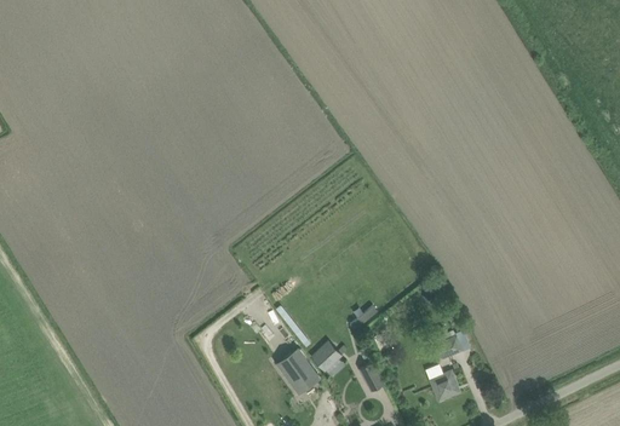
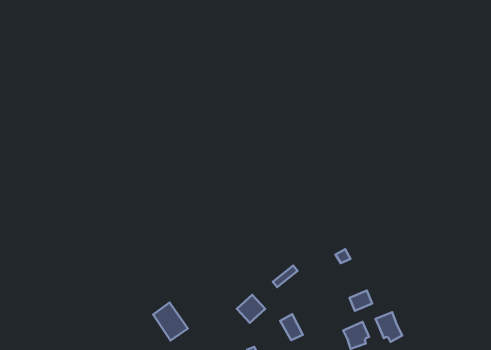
building: [279,351,317,393] -> [153,302,188,340]
building: none -> [376,312,402,342]

